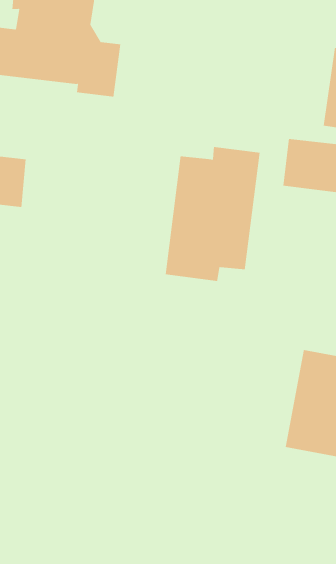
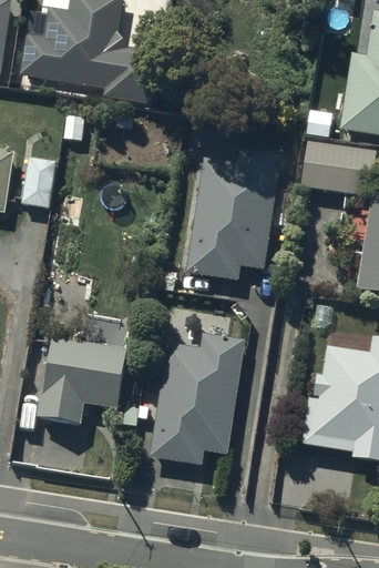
building: none -> [151,332,245,463]
building: none -> [39,343,127,428]

